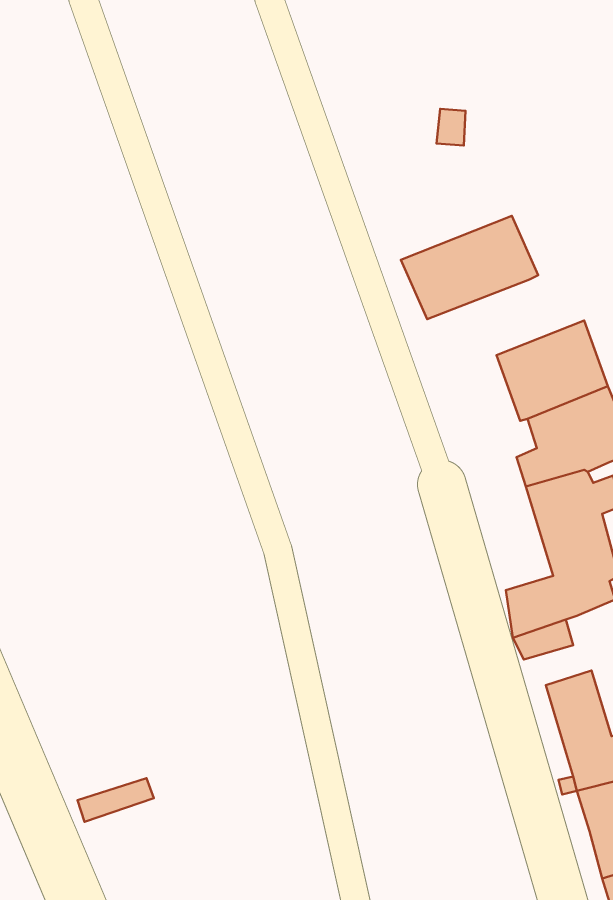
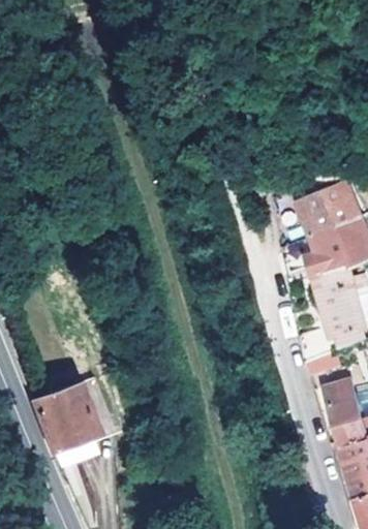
building: [401,216,538,319] -> none
building: none -> [31,381,96,449]

